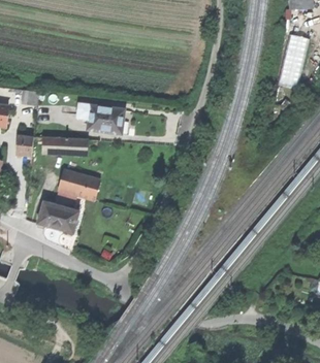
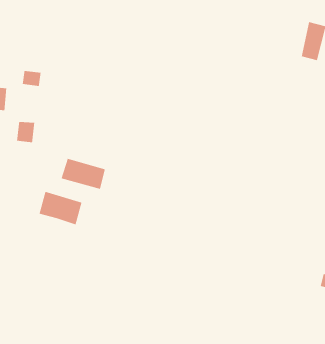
building: [78,104,124,133] -> none
building: [42,136,89,154] -> none

